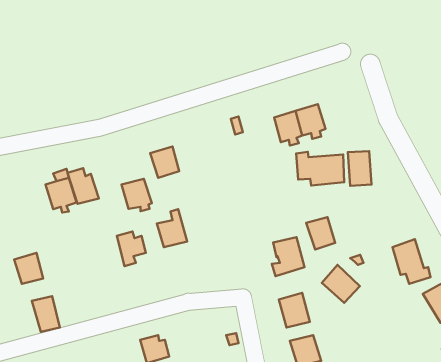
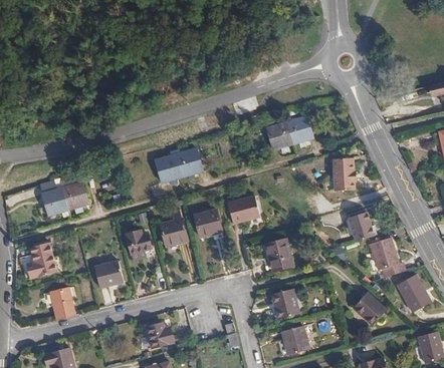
building: [296,152,344,186] -> none
building: [68,168,99,204] -> [39,182,67,215]
building: [122,179,152,211] -> [175,148,202,177]
building: none -> [227,194,259,222]
building: none -> [195,208,223,236]
building: [306,217,335,250] -> [349,213,375,242]
building: [322,265,360,303] -> [350,287,384,321]
building: none -> [93,261,123,288]

